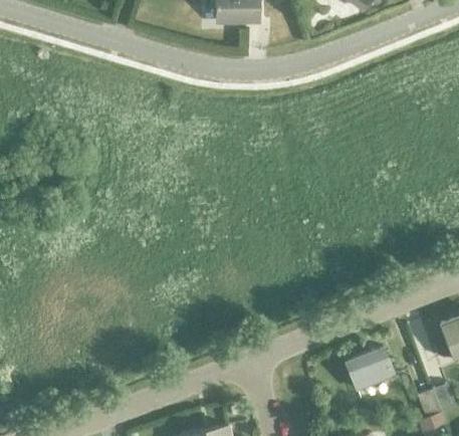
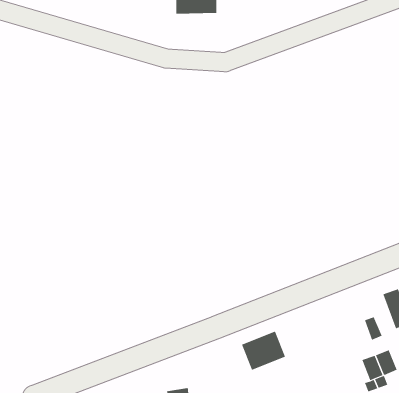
building: [347,347,395,390] -> [241,331,286,371]

